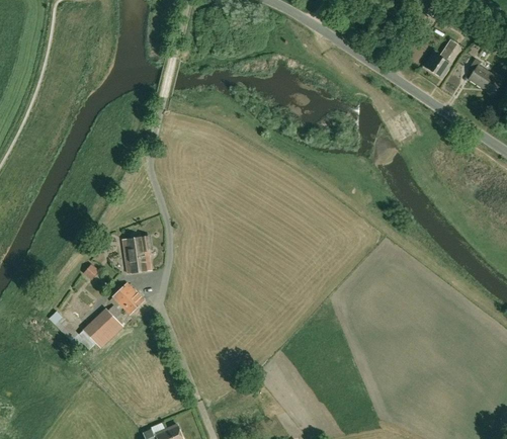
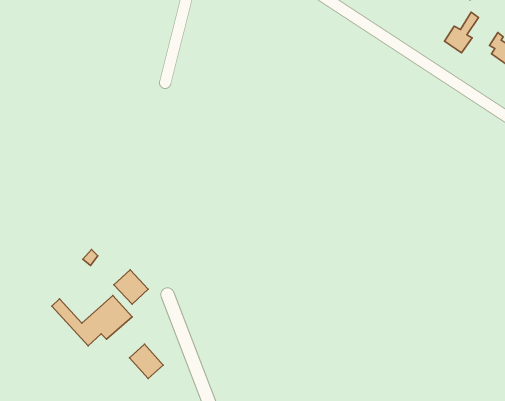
building: [121,237,151,273] -> none
building: none -> [130,344,163,379]

